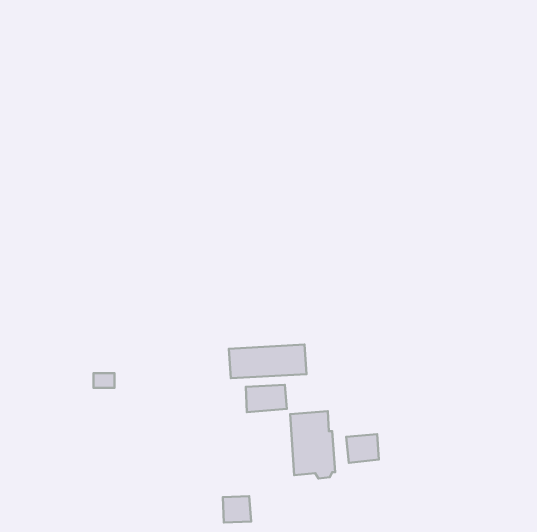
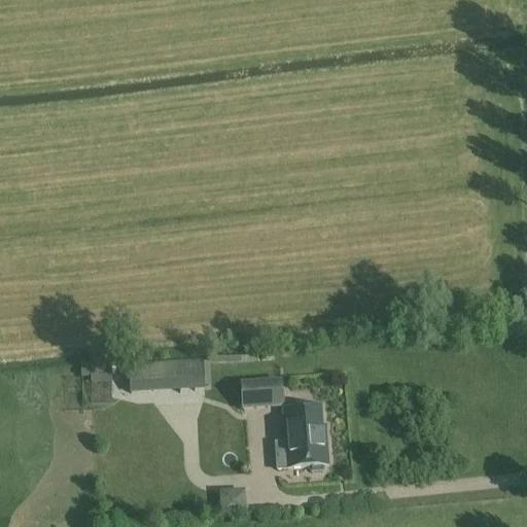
building: [229,345,307,378] -> [129,357,205,390]
building: [346,434,379,463] -> none

